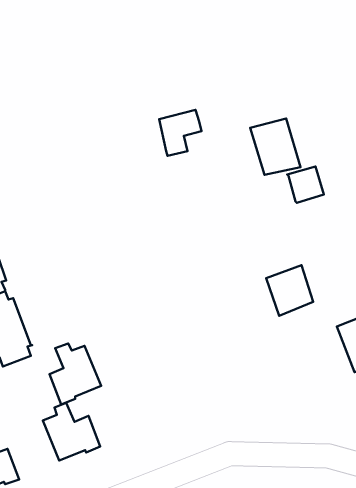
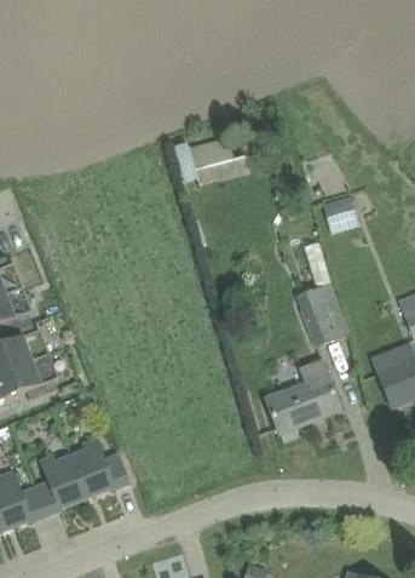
building: [250,118,301,175] -> none
building: none -> [265,359,341,434]
building: [49,343,101,405] -> [34,454,87,517]

